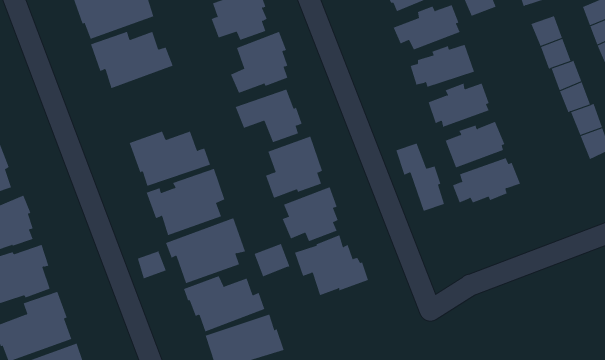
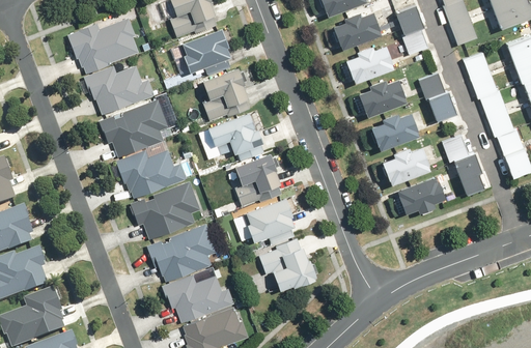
building: none -> [416,73,455,119]
building: none -> [97,99,167,157]
building: [395,143,445,211] -> [441,134,483,193]
building: [254,243,290,277] -> none
building: [137,250,166,279] -> none

